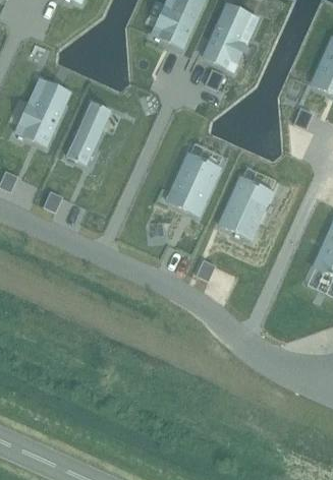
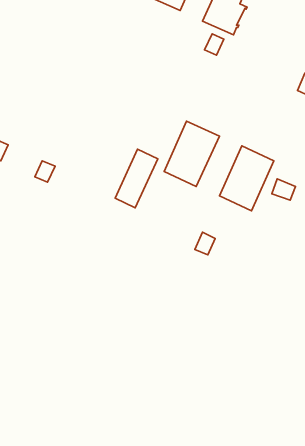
building: [16,87,66,144] -> none
building: [67,107,108,163] -> [115,149,158,208]

